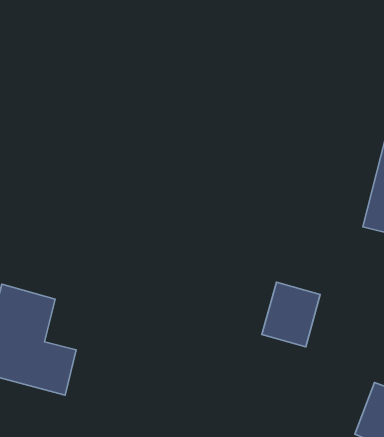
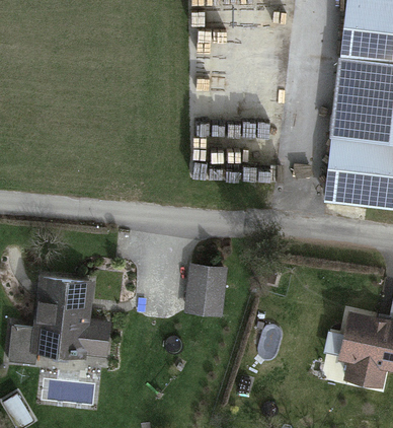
building: [262,282,320,347] -> [184,267,227,315]

